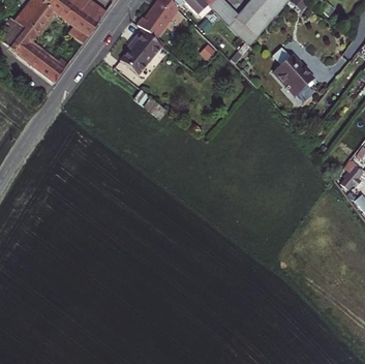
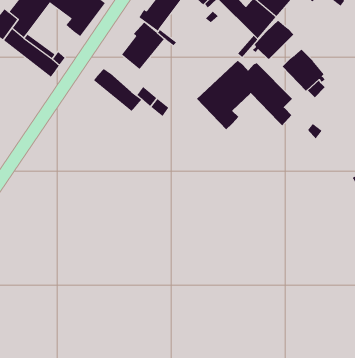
building: none -> [252,20,294,60]
building: none -> [196,60,293,130]
building: none -> [93,68,142,112]

